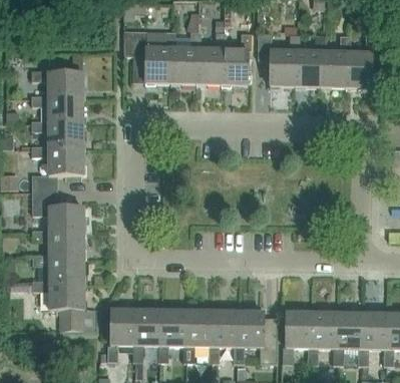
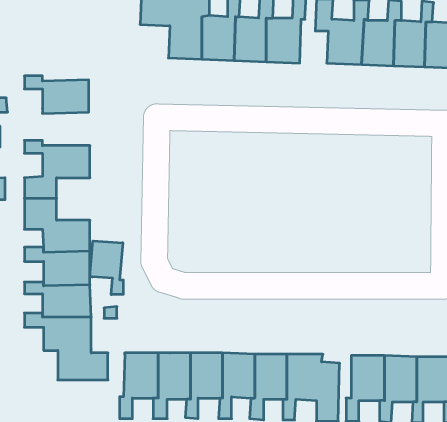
building: [33,69,83,99] -> none
building: [32,120,84,149] -> none
building: none -> [90,241,123,295]

